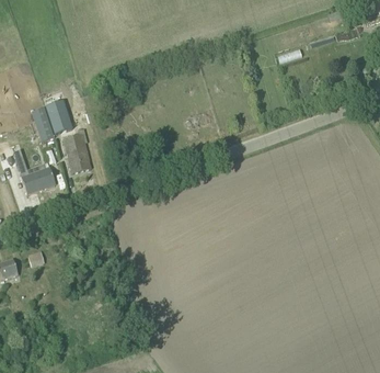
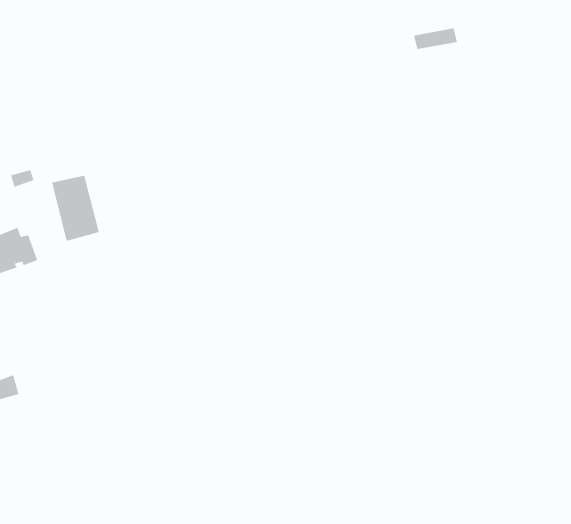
building: [45,100,71,133] -> none

